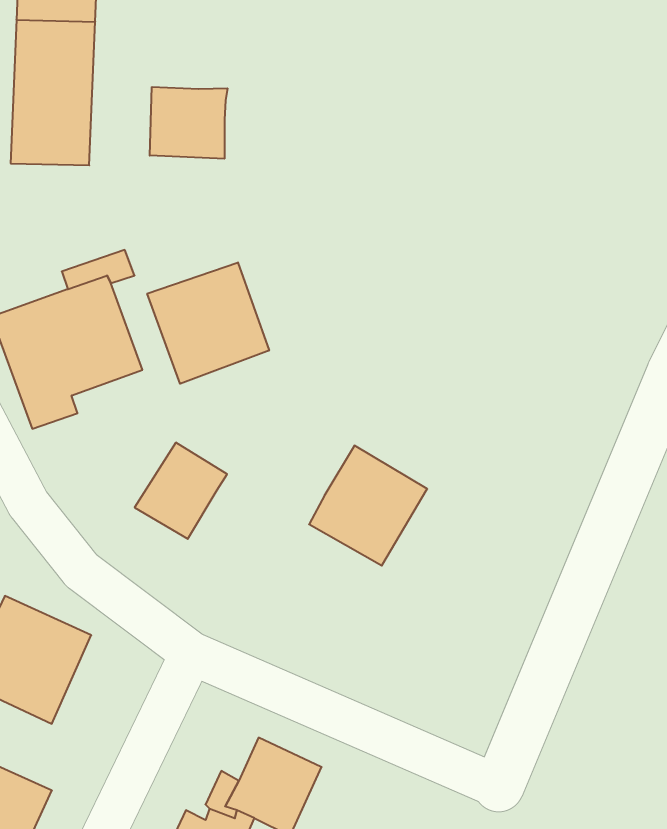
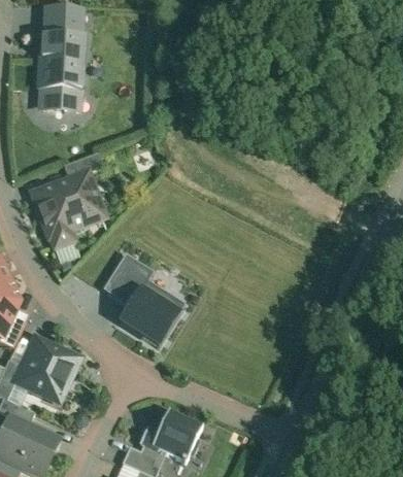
building: [150,87,227,159] -> none
building: [147,262,269,384] -> none
building: [309,446,427,566] -> [123,280,184,343]

